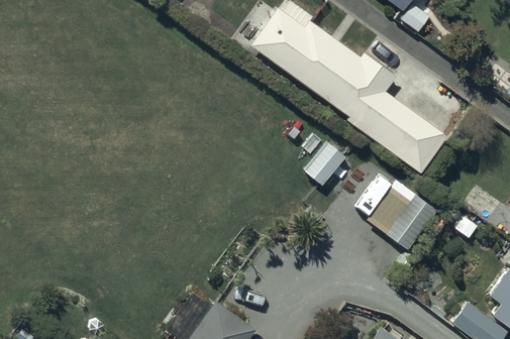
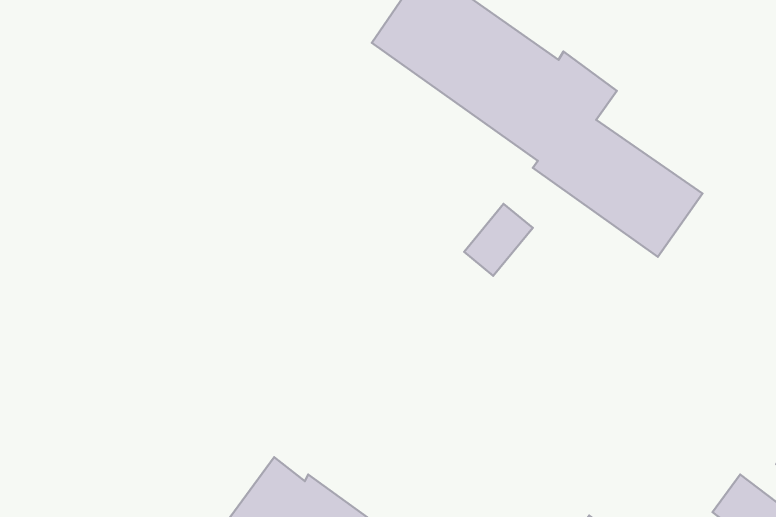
building: [368,181,438,250] -> none

